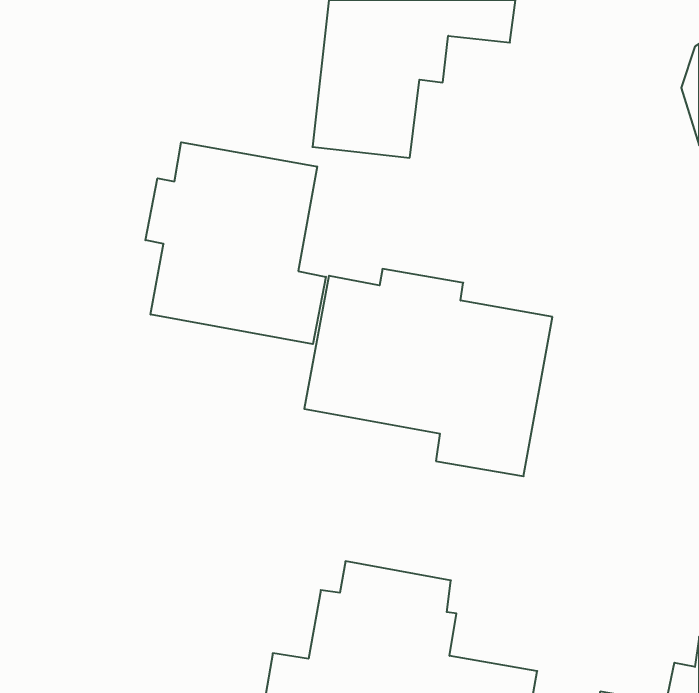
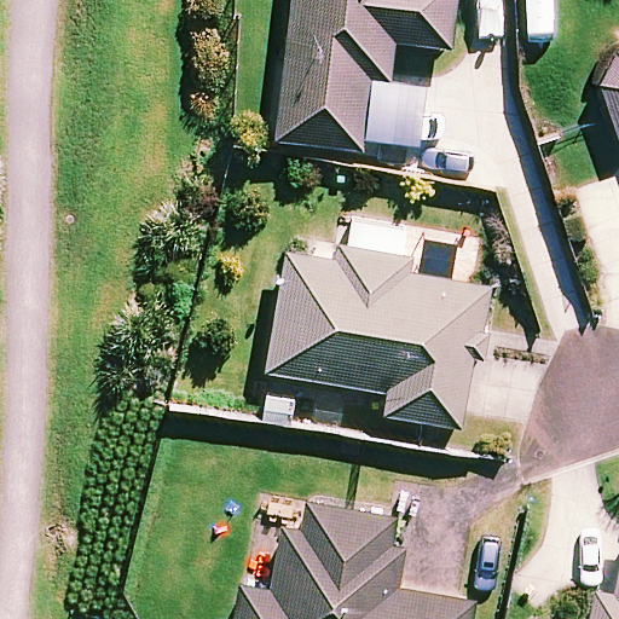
building: [145,142,326,344] -> none

